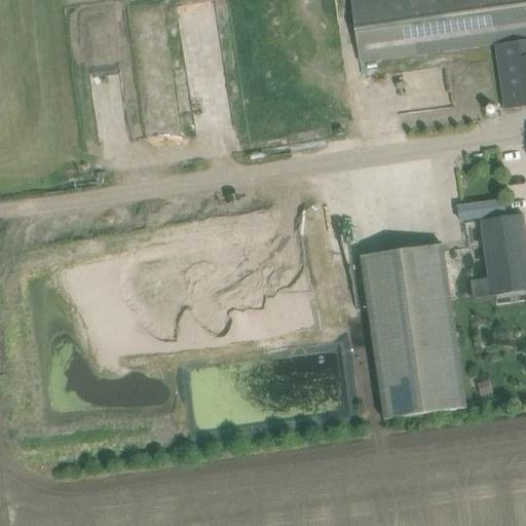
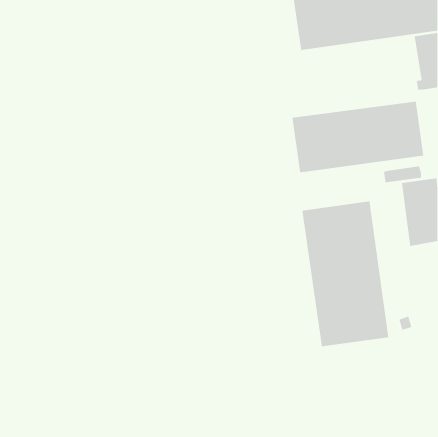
building: none -> [292,101,424,173]

